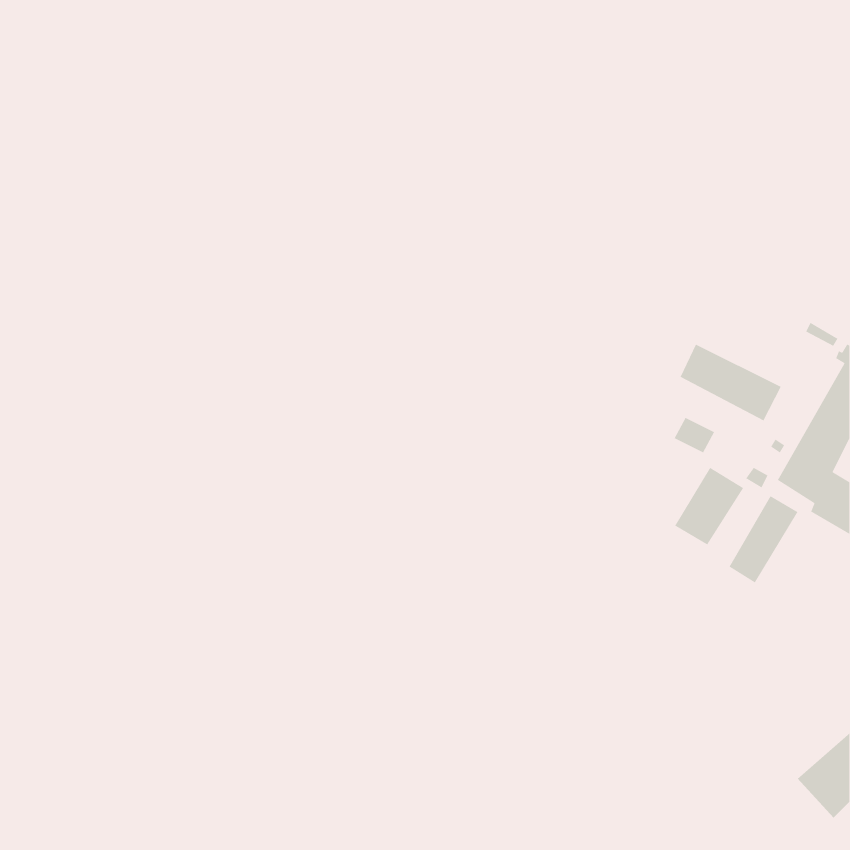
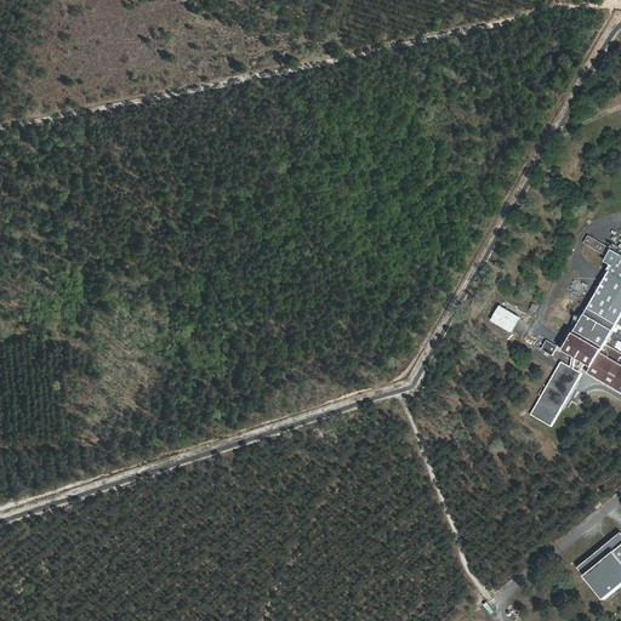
building: [679,343,782,421] -> none
building: [674,467,744,545] -> none

